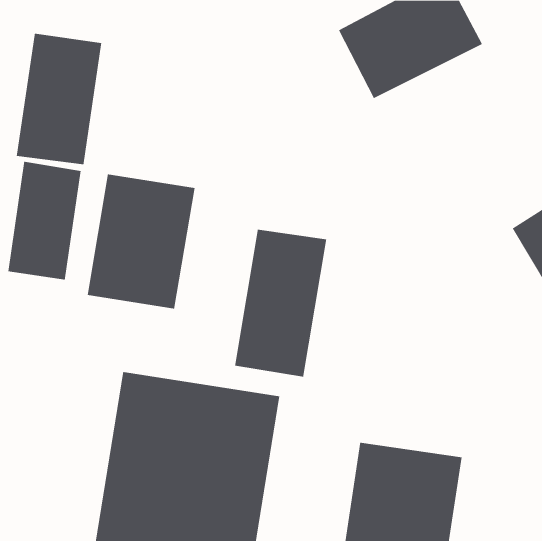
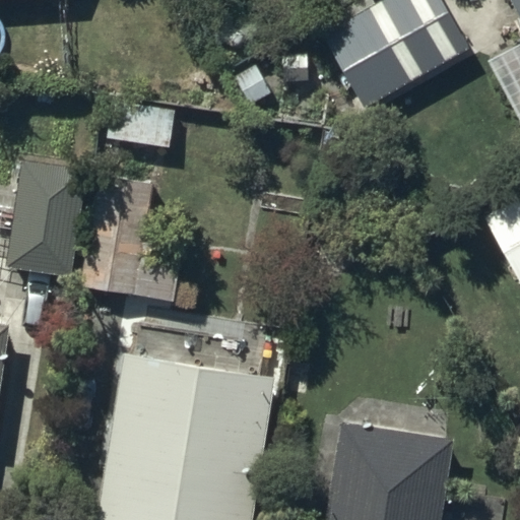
building: [16,33,102,165] -> none
building: [235,229,327,378] -> none

